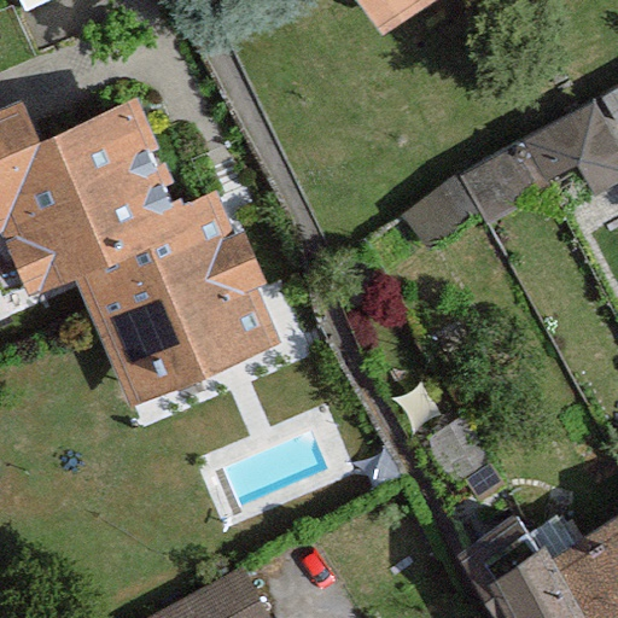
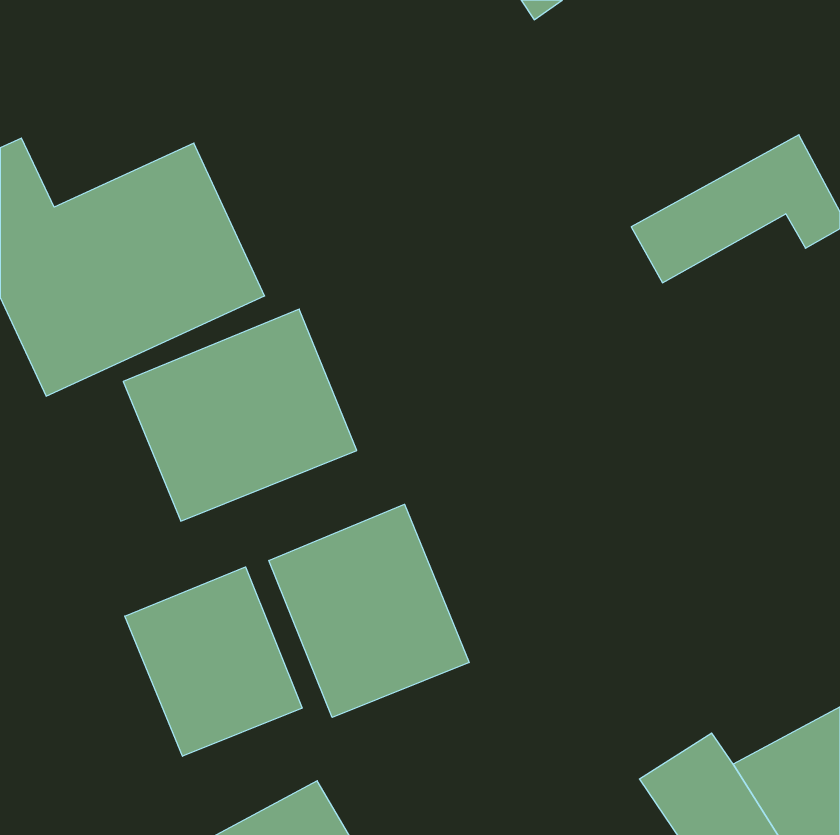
building: none -> [269,504,469,717]
building: none -> [125,567,302,756]

